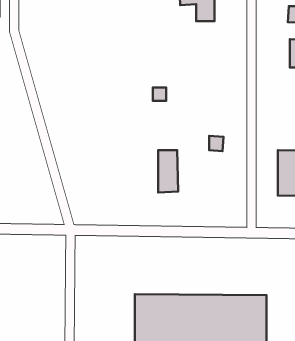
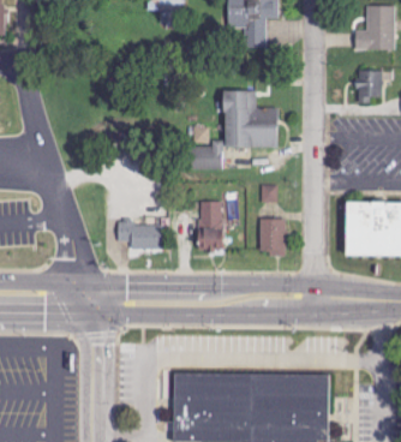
building: none -> [185,90,276,169]
building: none -> [259,219,285,255]
building: none -> [116,220,162,250]

